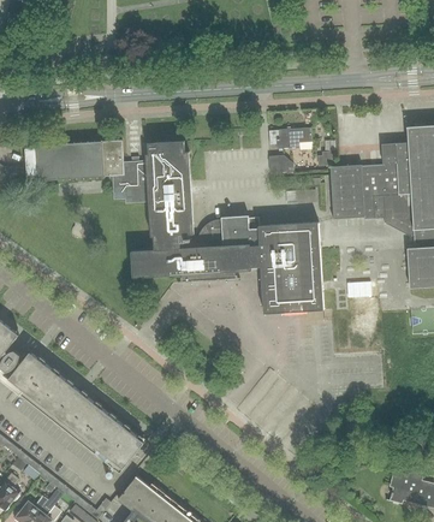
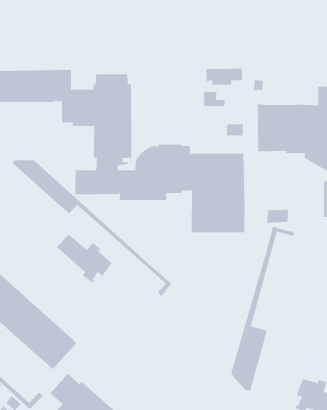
building: none -> [12,159,172,297]
building: none -> [231,226,295,392]
building: none -> [56,233,112,283]

